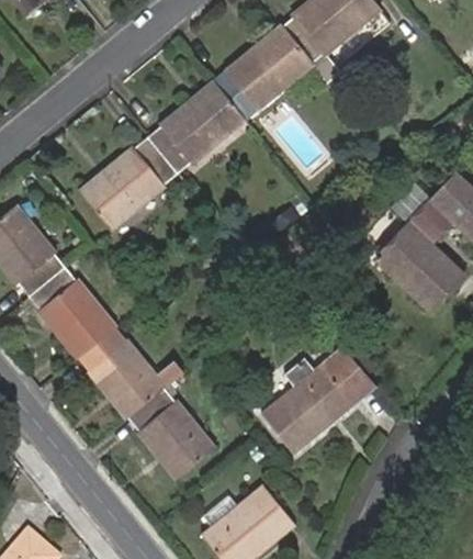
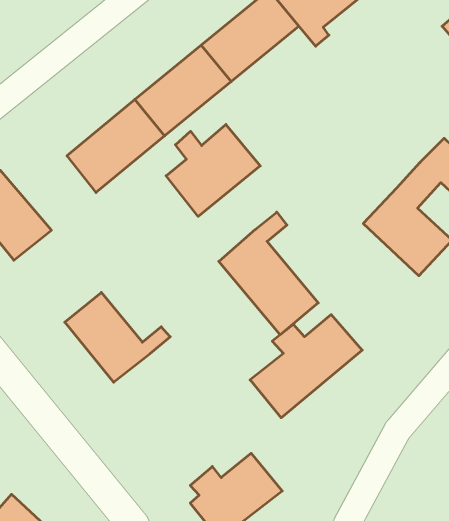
building: none -> [166,124,260,216]
building: none -> [219,212,318,335]
building: [29,266,115,357] -> none
building: [127,388,213,478] -> none

